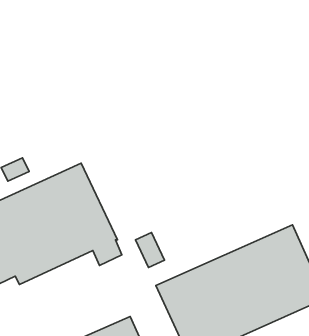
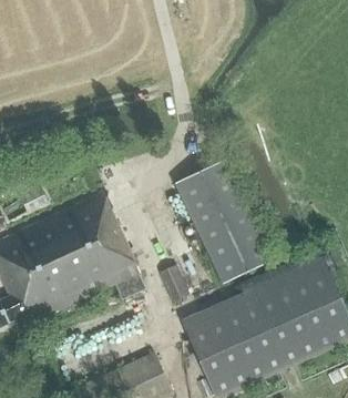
building: none -> [175,159,272,283]

